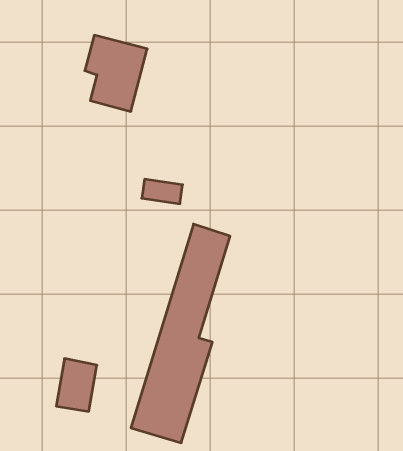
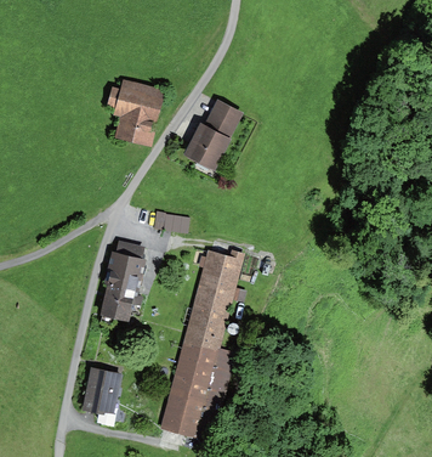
building: none -> [188,100,246,174]
building: none -> [101,247,146,321]

